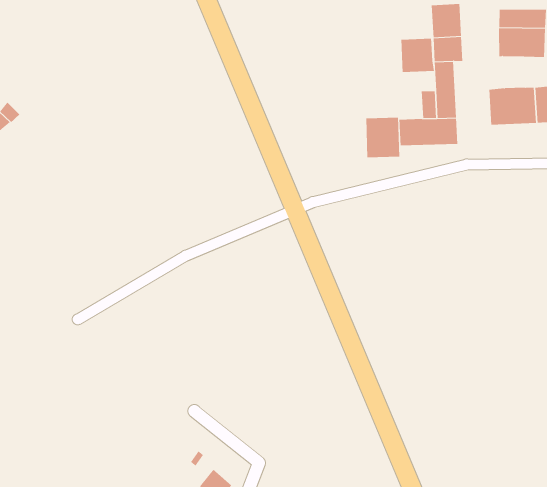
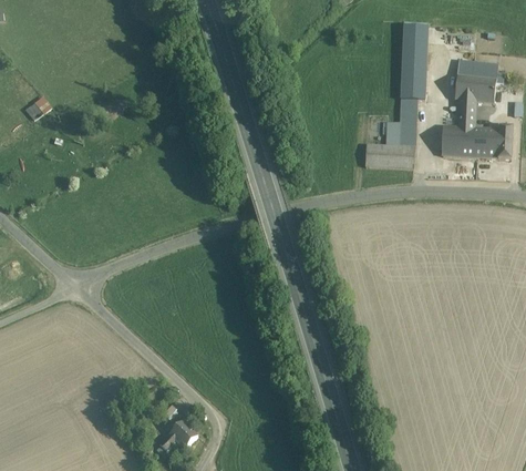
building: [401,38,434,73] -> none
building: none -> [456,99,475,126]
building: [366,117,400,158] -> none

